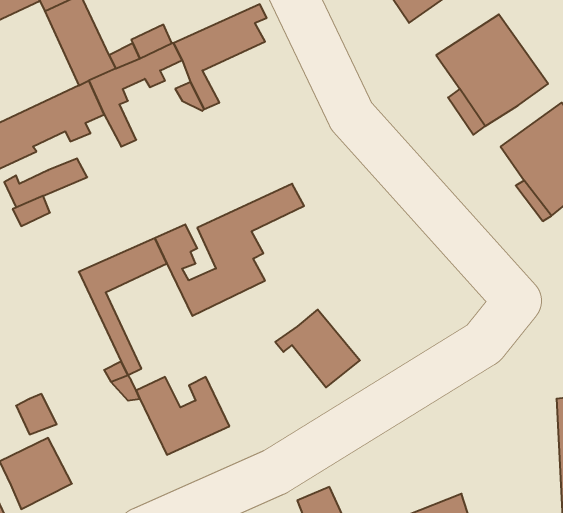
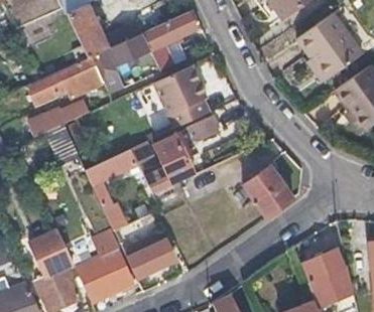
building: none -> [154,64,210,128]
building: [275,310,360,387] -> [242,165,292,211]
building: none -> [81,248,133,297]
building: none -> [302,251,353,305]

